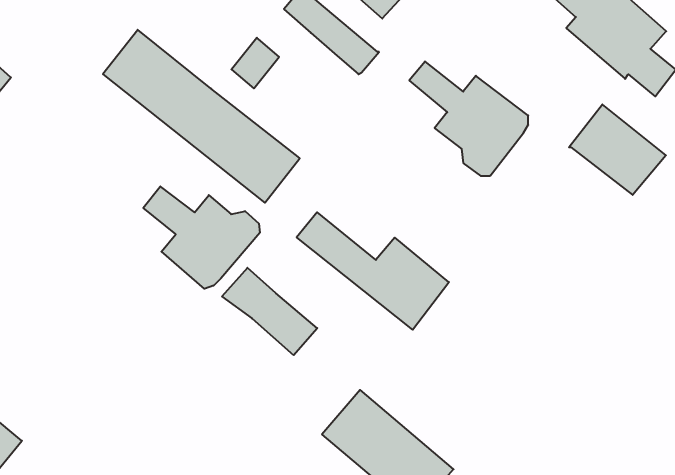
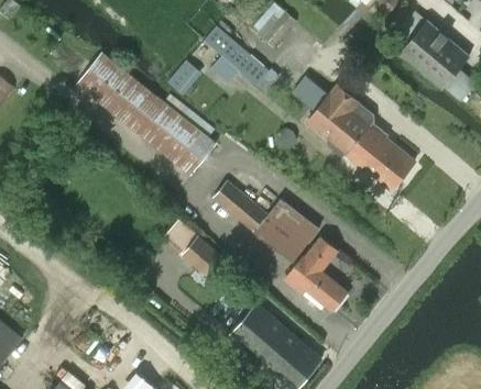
building: [569,104,666,195] -> [347,125,414,188]
building: [143,186,260,289] -> none
building: none -> [285,237,347,311]

